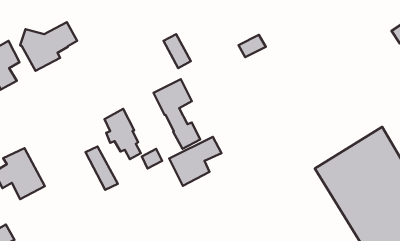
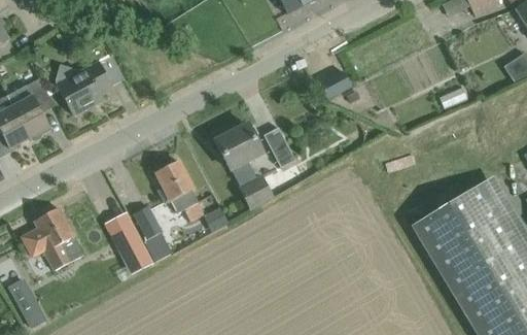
building: [164,34,191,68] -> [264,126,296,167]
building: [169,137,221,186] -> none
building: none -> [105,208,152,269]

